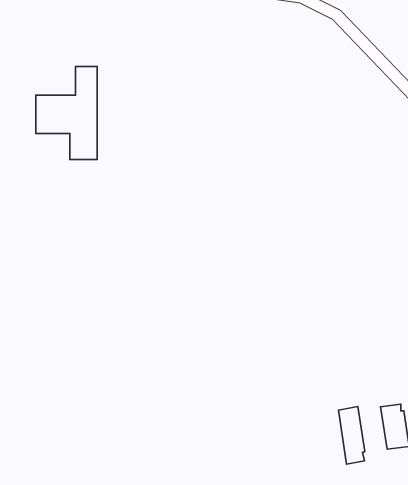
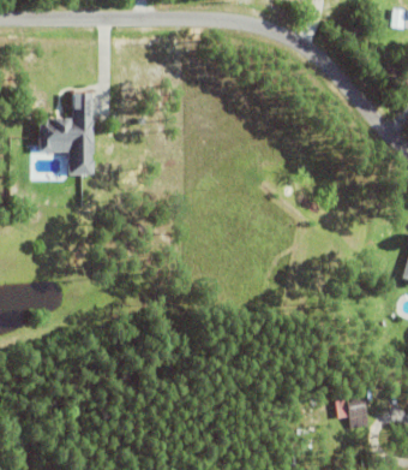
building: [339,406,365,464] -> none

